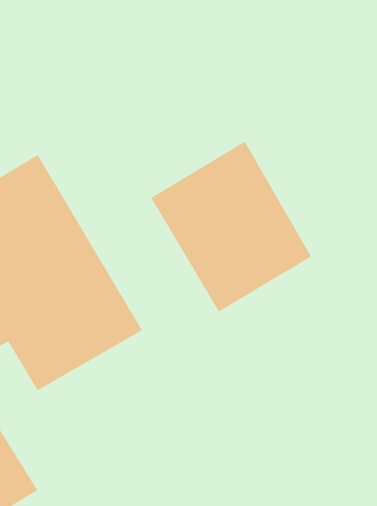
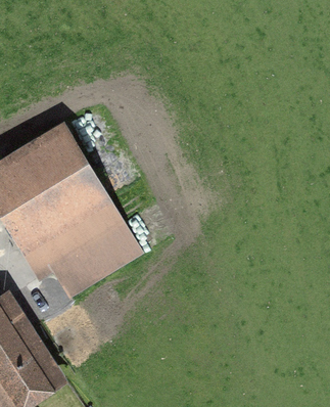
building: [151,141,312,312] -> none

